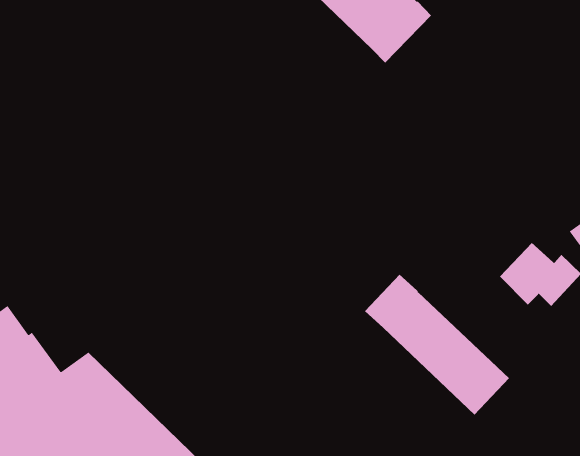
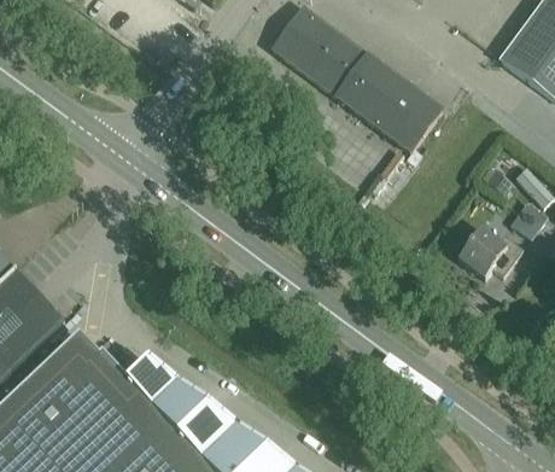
building: none -> [347,64,442,152]
building: [364,274,510,415] -> none

